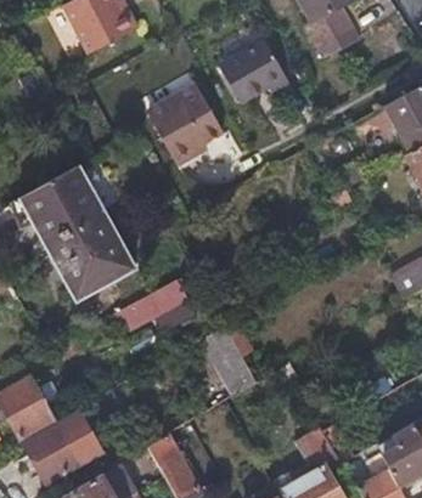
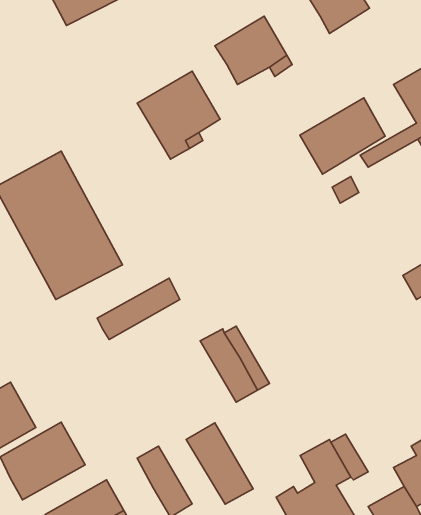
building: none -> [300,98,385,174]
building: none -> [186,423,253,504]

